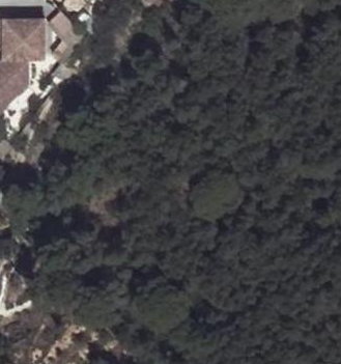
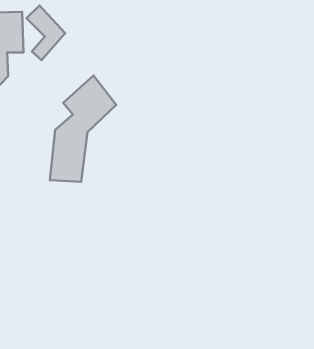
building: none -> [50,76,116,182]

